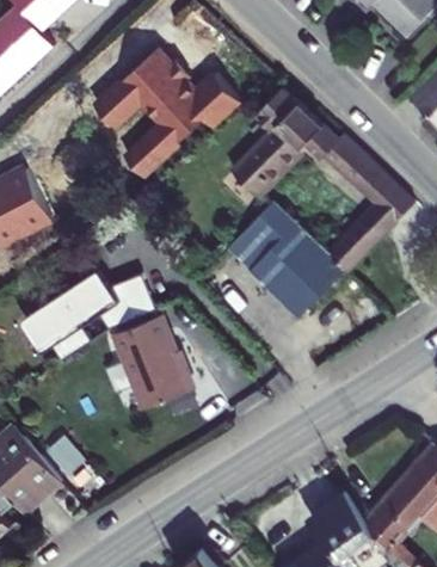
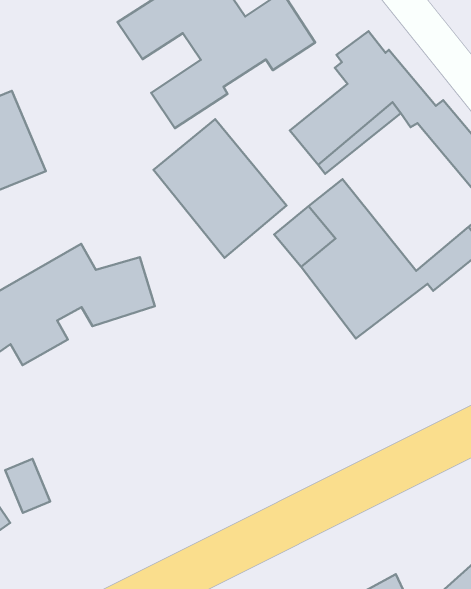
building: none -> [154,119,287,258]
building: [110,312,187,406] -> none

